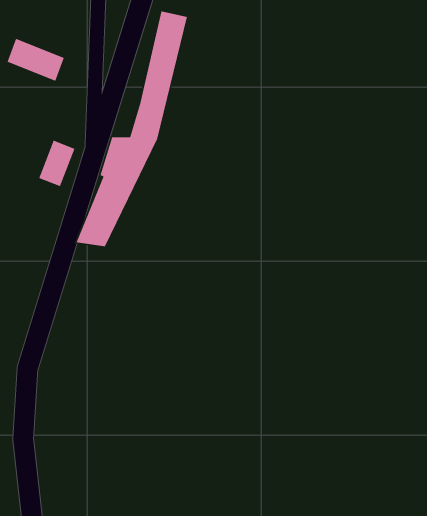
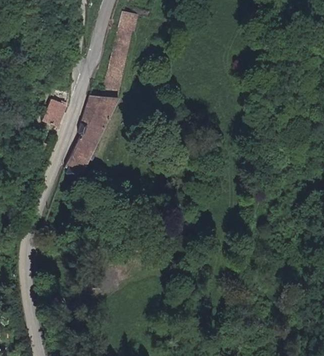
building: [6,38,65,82] -> none

